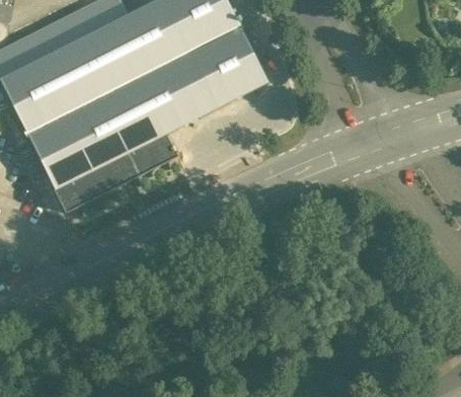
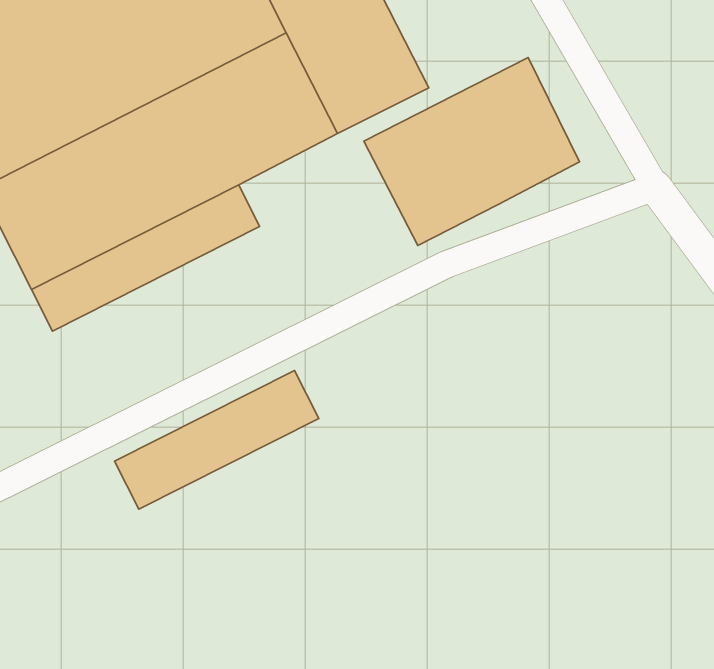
building: none -> [364,58,580,245]
building: none -> [115,371,319,509]

